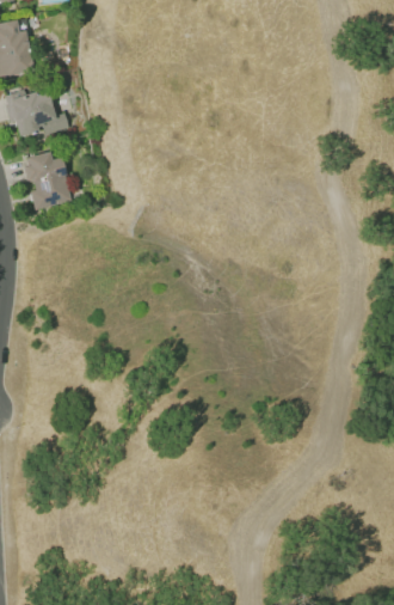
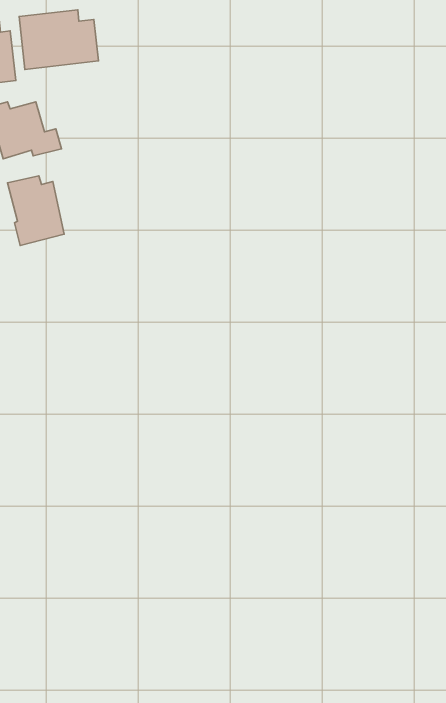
building: none -> [19,10,98,69]

